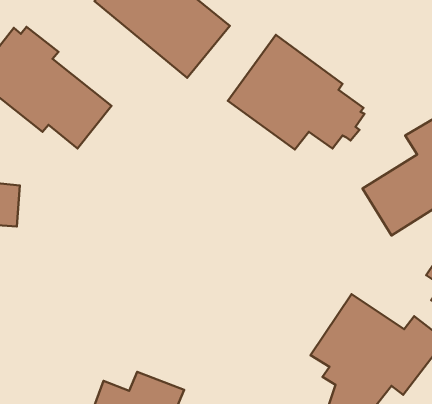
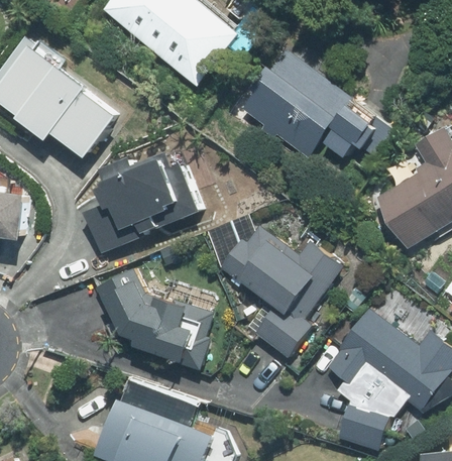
building: none -> [85,154,204,255]
building: none -> [218,228,344,361]
building: none -> [94,269,195,362]

